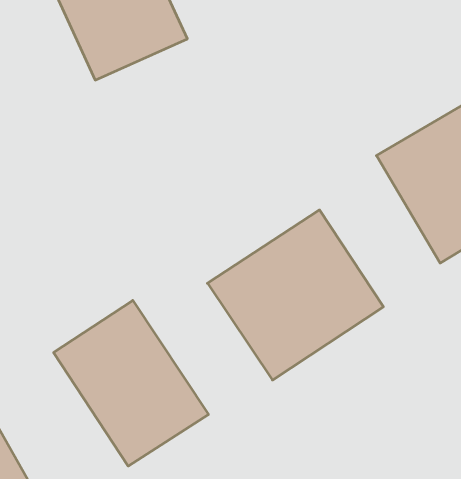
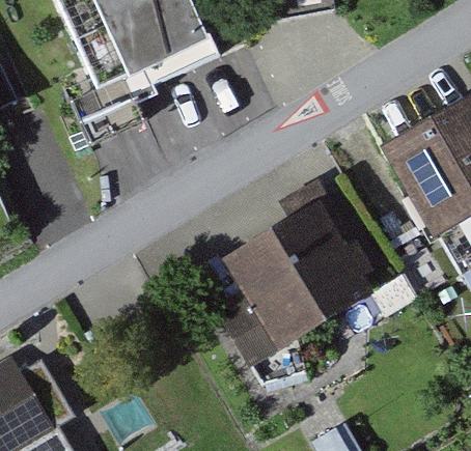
building: [54,300,208,466] -> none

